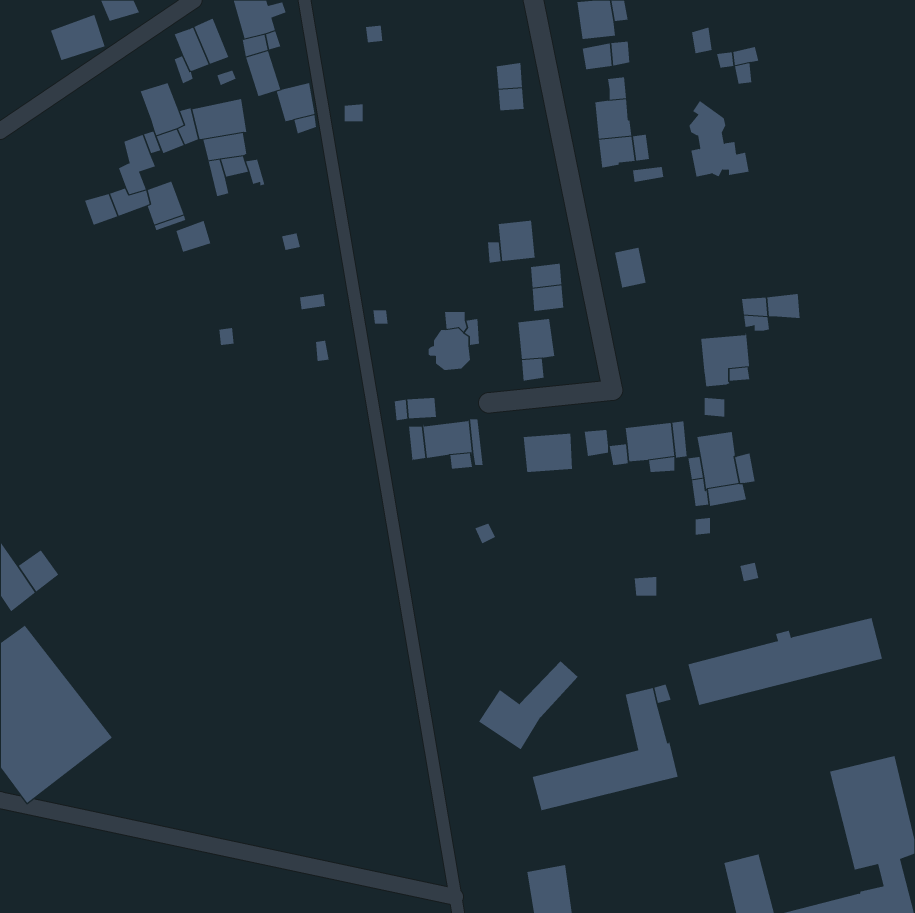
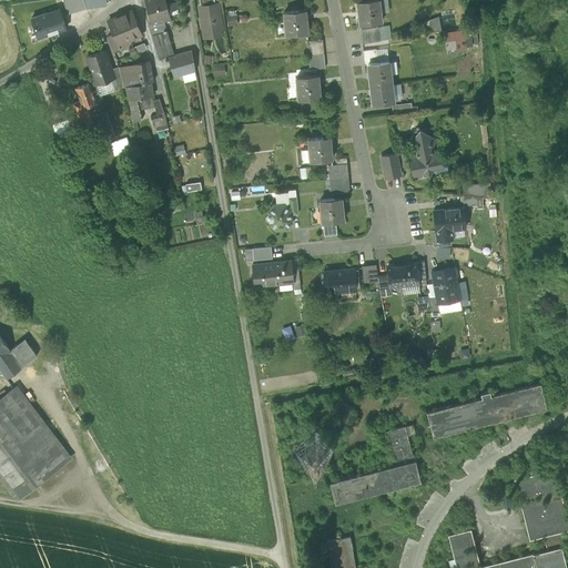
building: none -> [201,7,221,36]
building: none -> [284,11,307,37]
building: [689,100,749,177] -> [410,129,448,176]
building: none -> [296,75,320,101]

